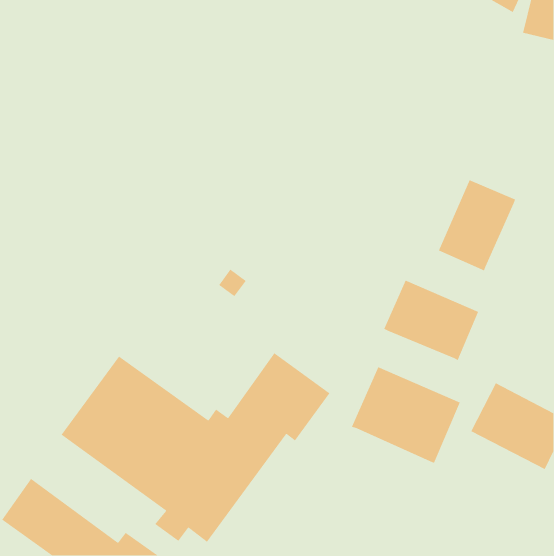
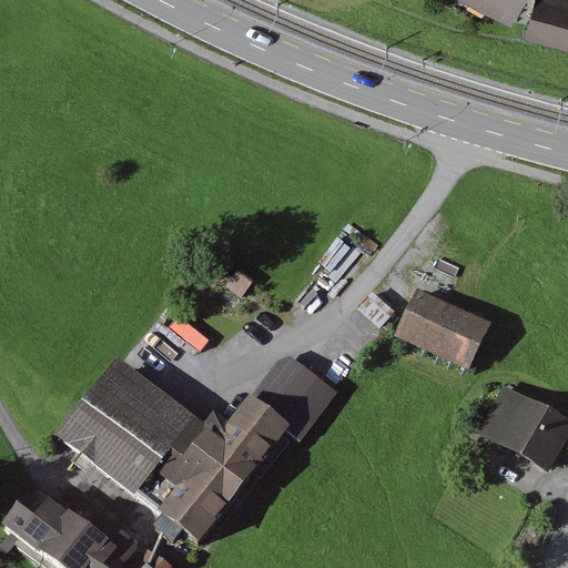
building: [438,179,516,272] -> none
building: [351,366,461,464] -> none

